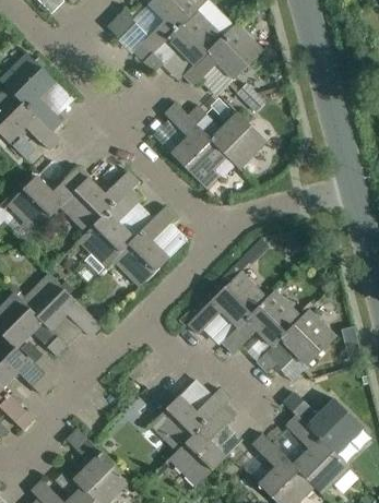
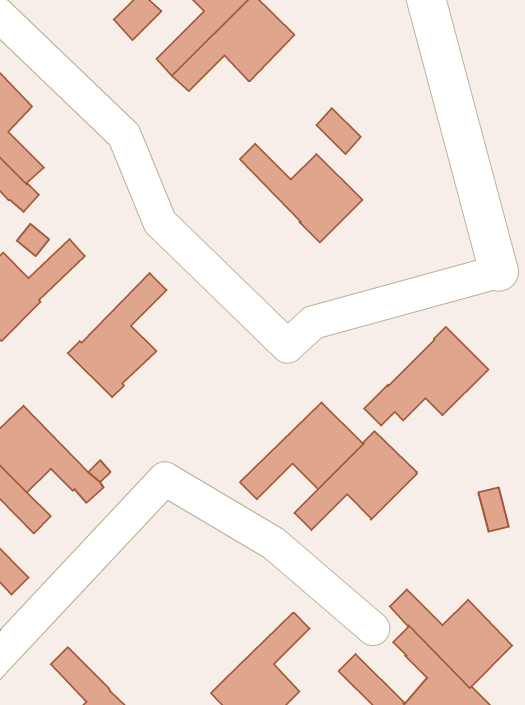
building: [183,23,263,86] -> none
building: [164,103,227,191] -> none
building: [59,170,139,233] -> none
building: [112,207,176,287] -> none
building: [257,309,336,372] -> [364,327,488,426]
building: [151,388,230,451] -> none

